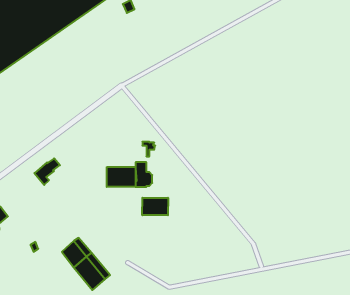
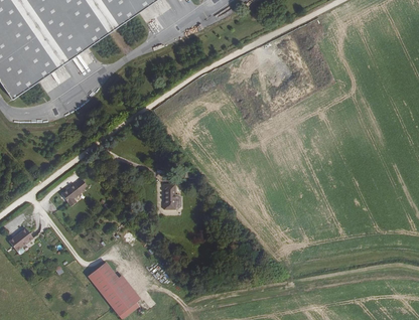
building: [107,167,136,187] -> none
building: [142,198,168,215] -> none

